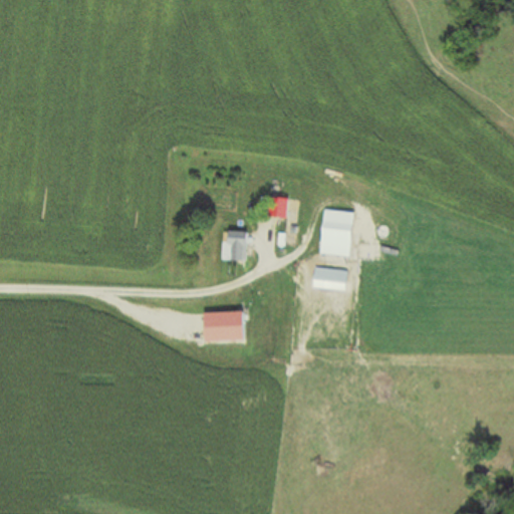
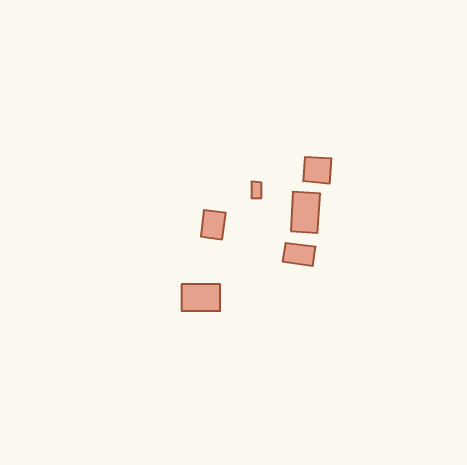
building: none -> [303,157,331,184]

